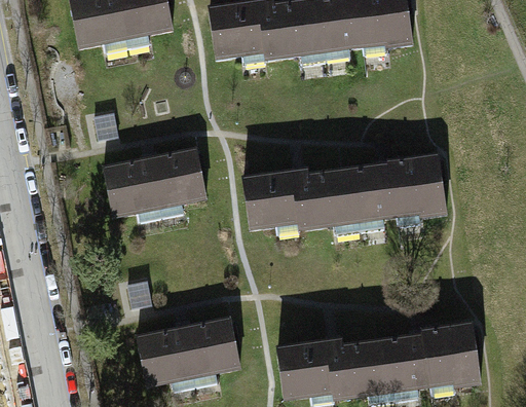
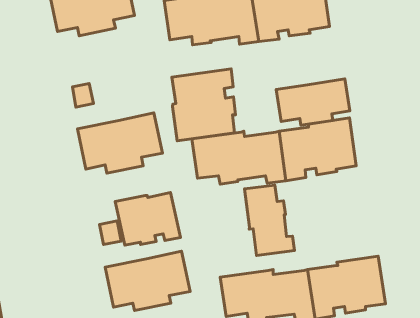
building: none -> [172,69,235,141]
building: none -> [276,79,350,125]
building: none -> [244,185,294,256]
building: none -> [115,193,181,245]

